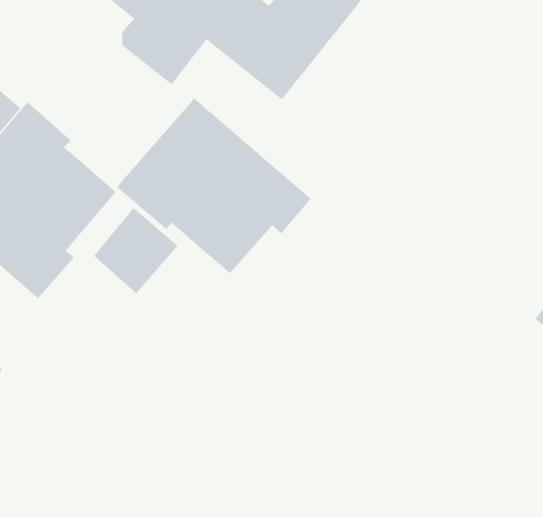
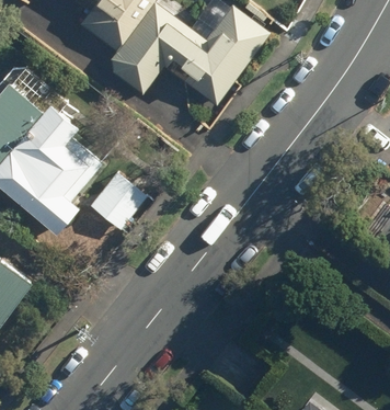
building: [117,97,311,274] -> none

